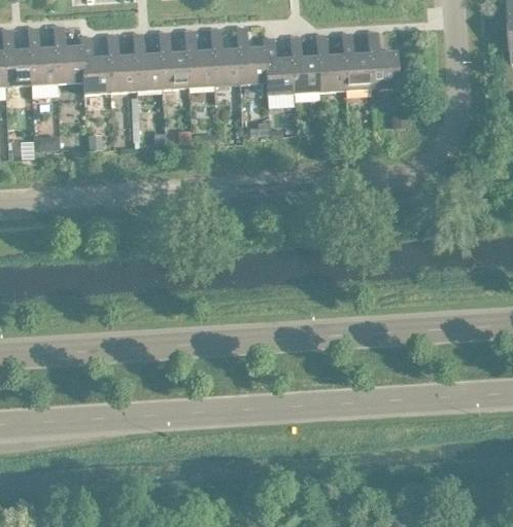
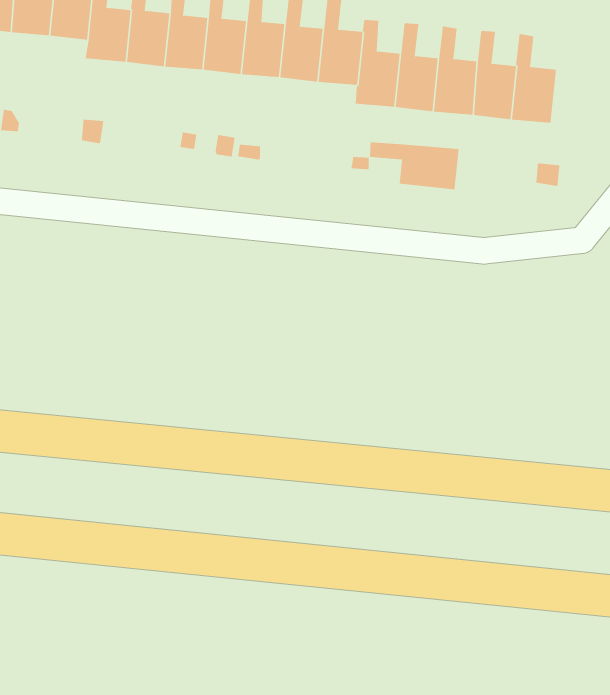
building: none -> [370,142,459,190]

